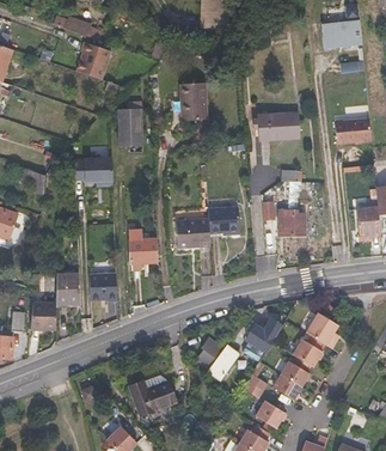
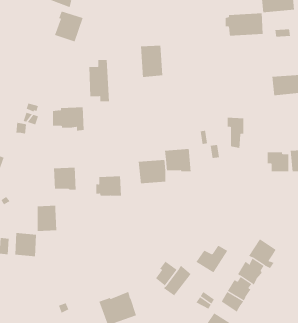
building: [253,112,299,140] -> [225,13,263,36]
building: [278,209,305,233] -> [267,152,289,172]
building: [90,272,117,299] -> [53,167,77,190]

